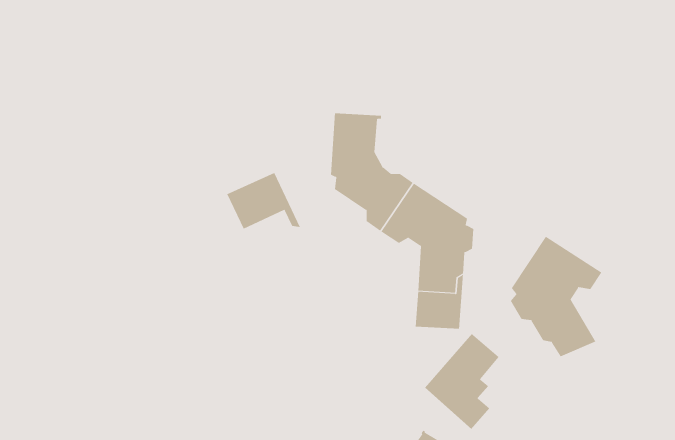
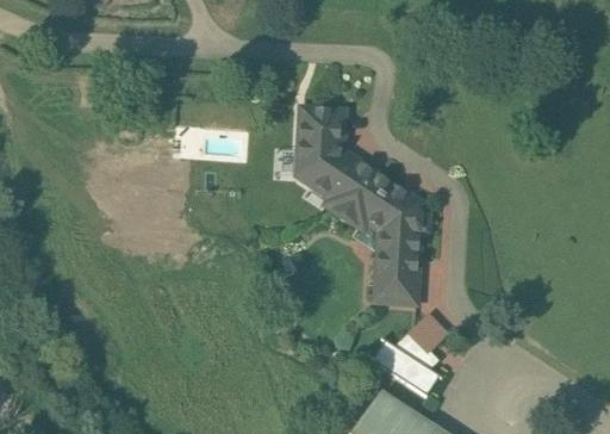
building: [227,172,301,230] -> none
building: [510,236,602,357] -> none

